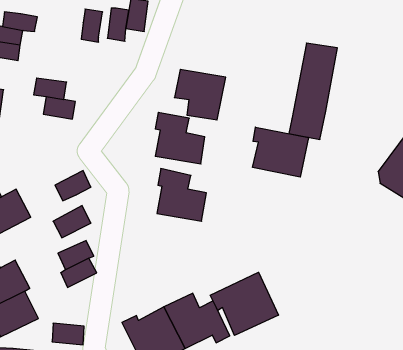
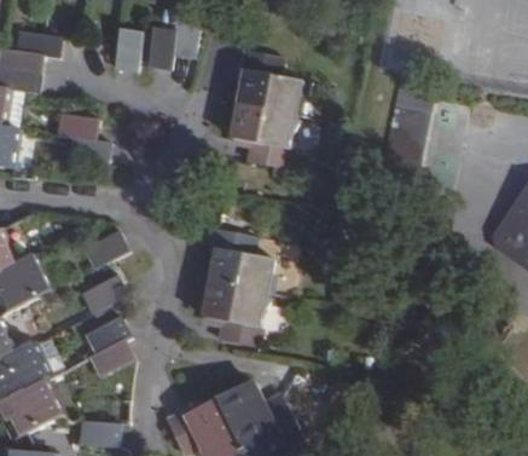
building: [155,112,205,164] -> [239,50,301,114]
building: [253,127,308,177] -> none
building: none -> [204,283,266,345]
building: [210,272,278,335] -> none

